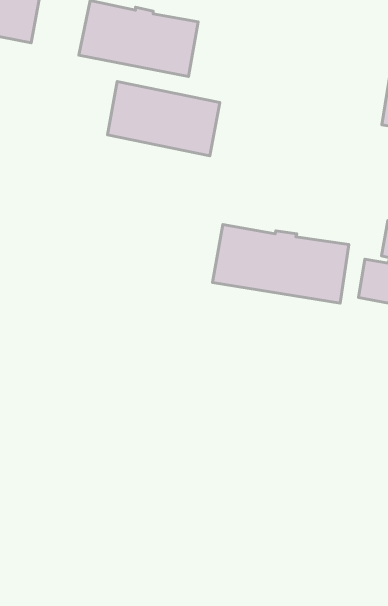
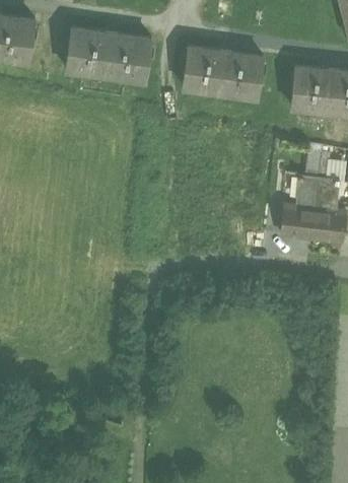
building: [107,82,220,156] -> [183,46,264,96]
building: [212,224,349,303] -> none

